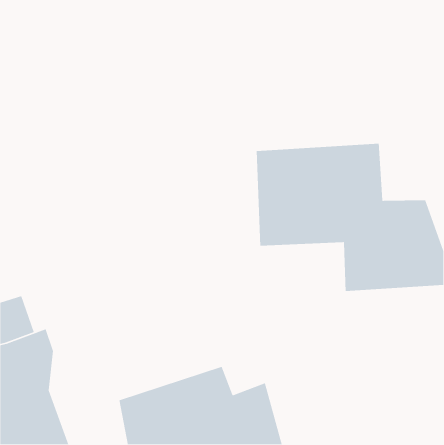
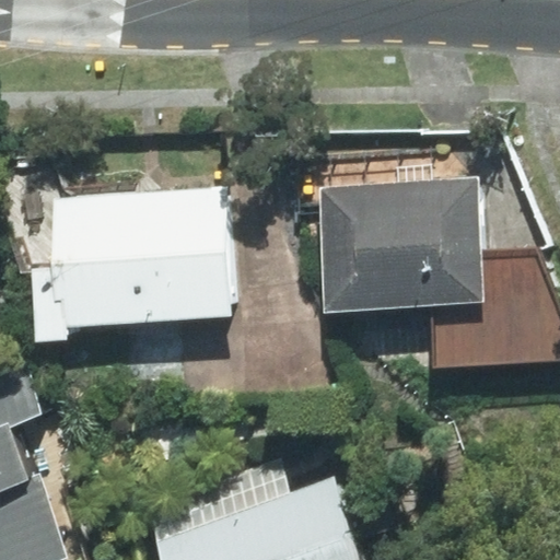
building: none -> [32,188,230,342]

